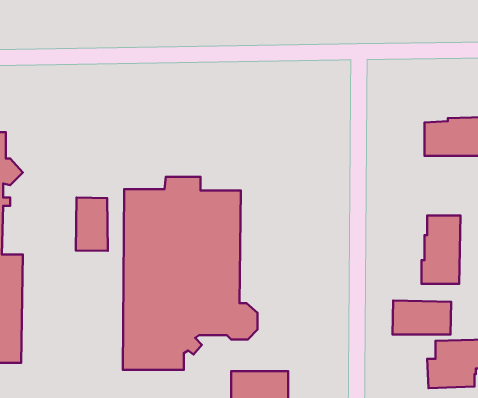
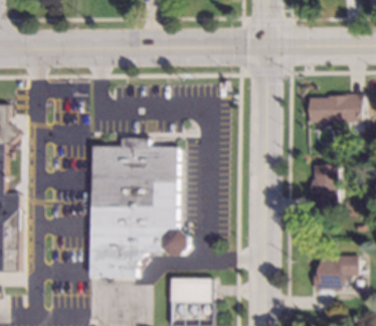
building: [76,198,108,251] -> none
building: [392,301,451,335] -> none

